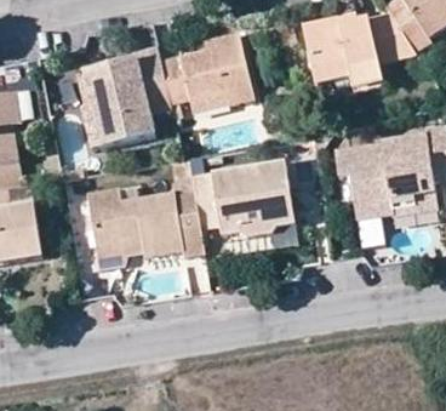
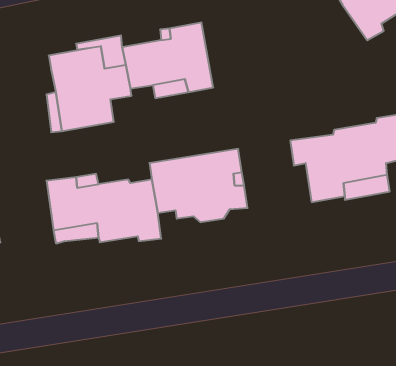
building: [304,15,417,84] -> none

